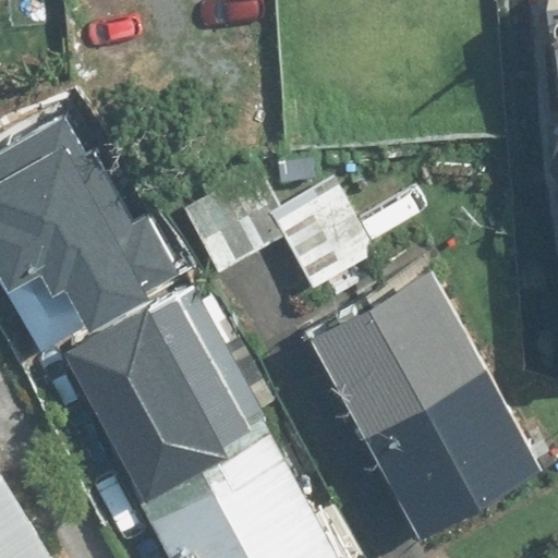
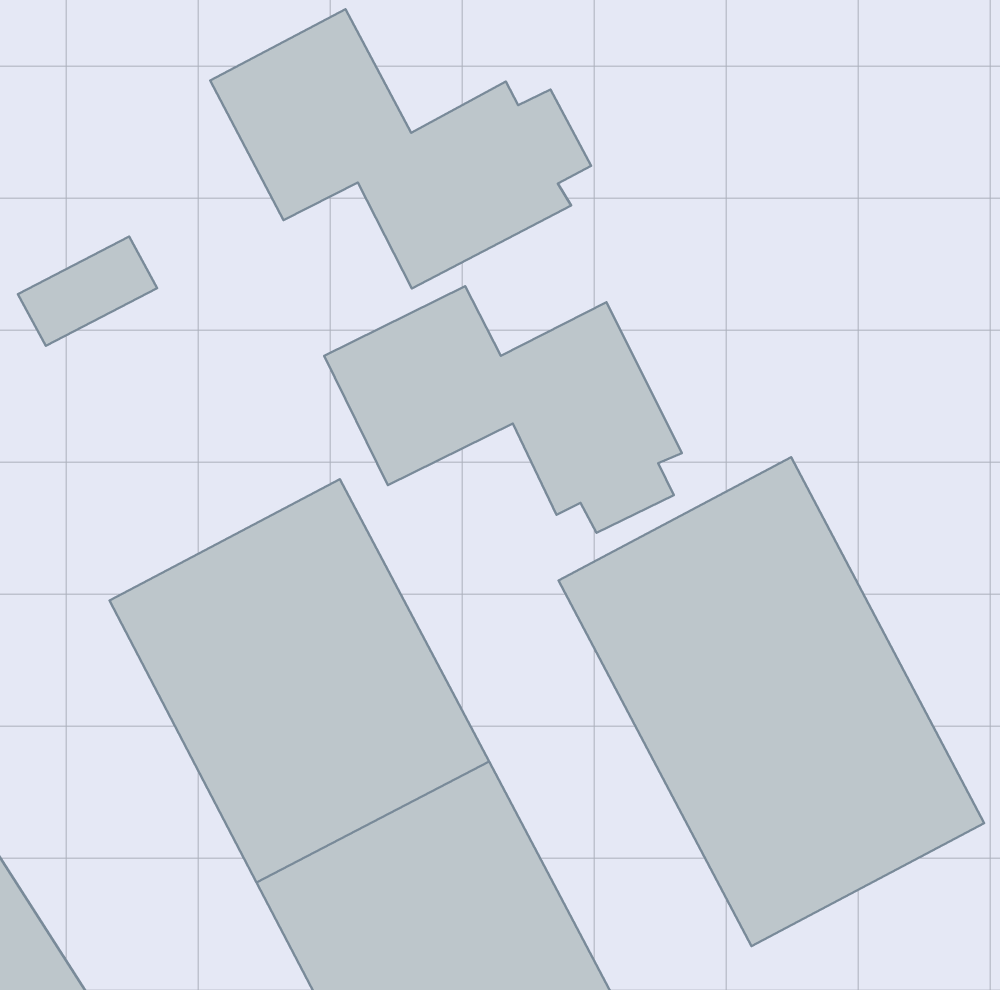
building: none -> [210,9,591,288]
building: [44,197,186,330] -> none

